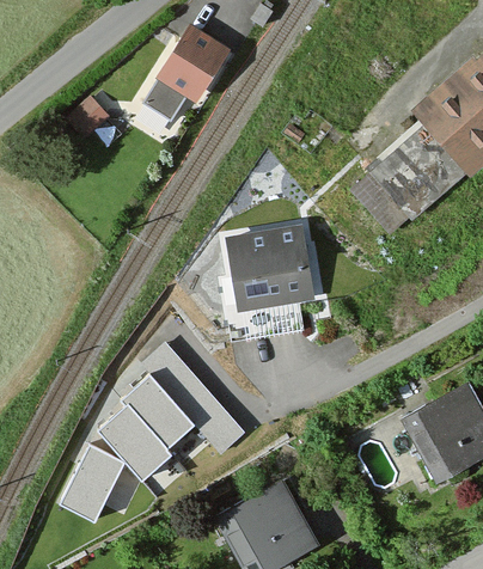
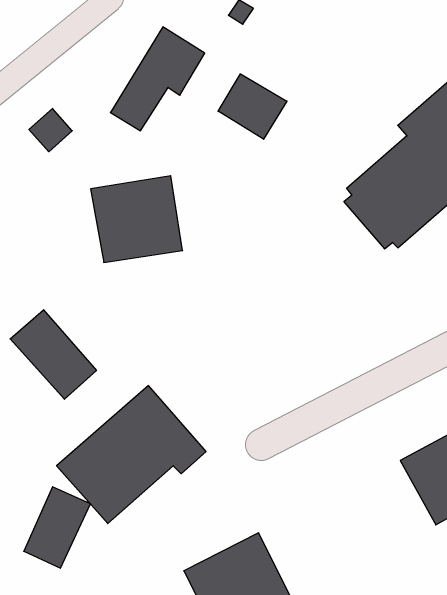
building: none -> [218,74,287,139]
building: [230,225,313,304] -> [91,176,183,262]
building: none -> [10,310,96,399]

